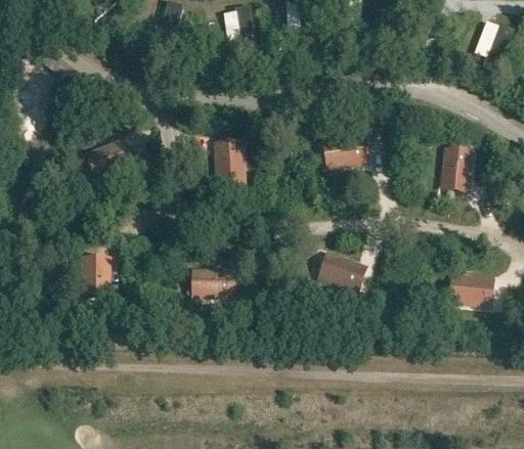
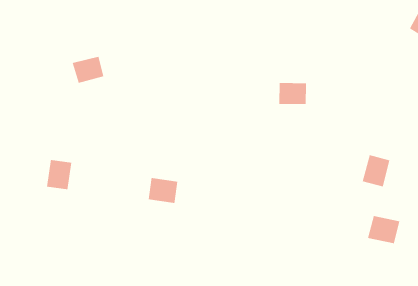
building: [215,141,242,175] -> none
building: [442,148,471,183] -> [362,155,390,187]
building: [325,255,364,289] -> none

